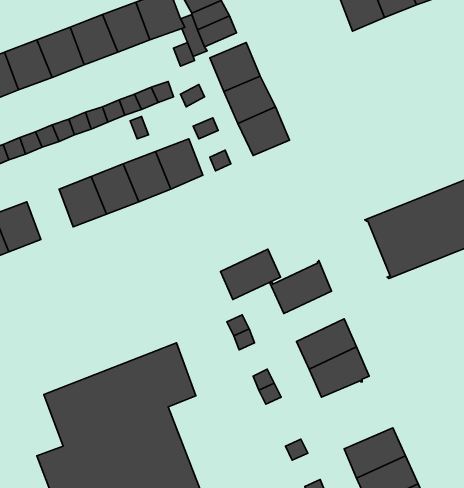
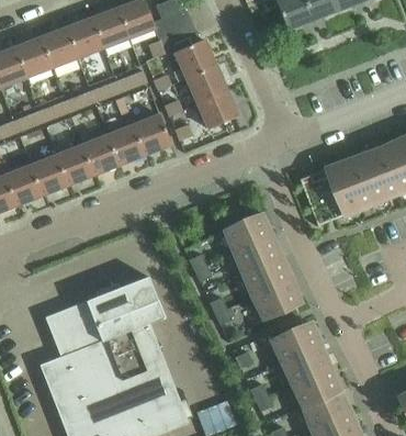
building: none -> [32,155,68,194]
building: [220,249,280,299] -> [234,235,281,275]
building: none -> [272,322,319,359]

